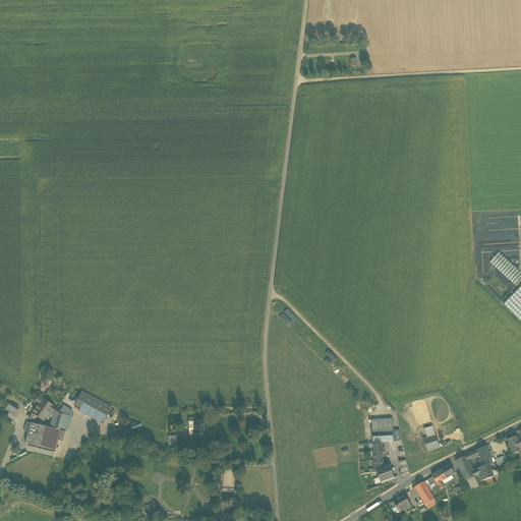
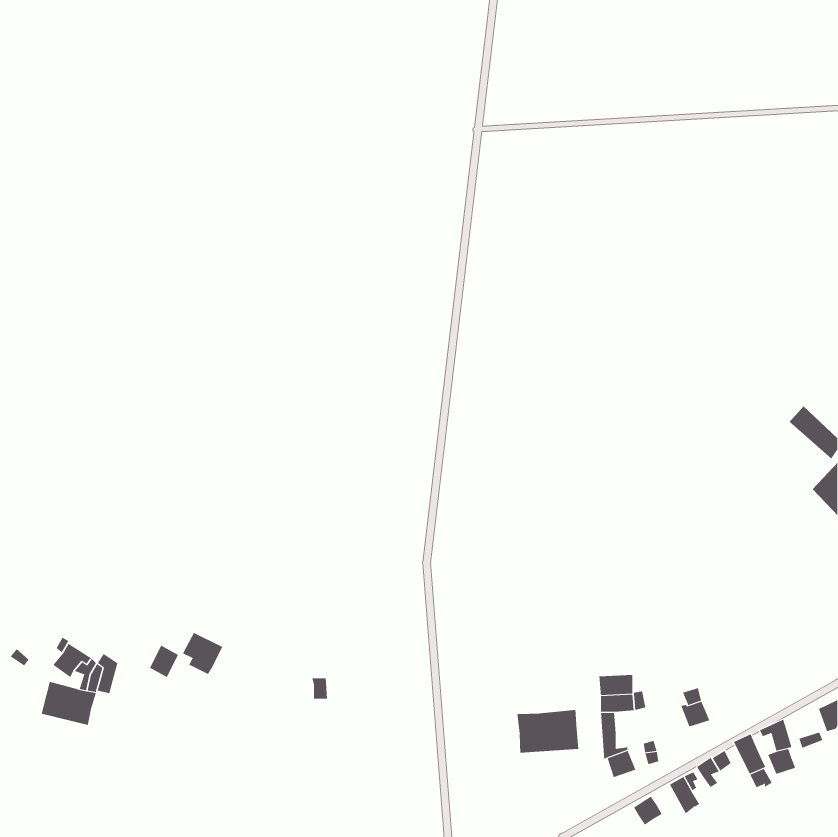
building: [74,391,100,417] -> [182,632,223,675]
building: none -> [517,709,579,754]

